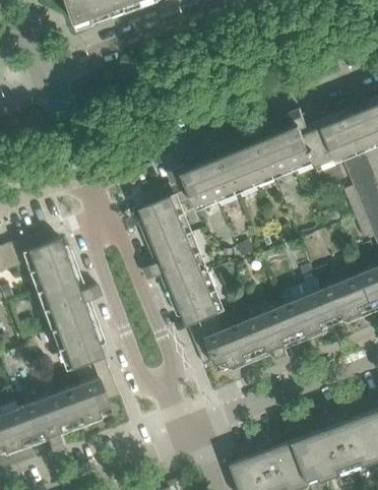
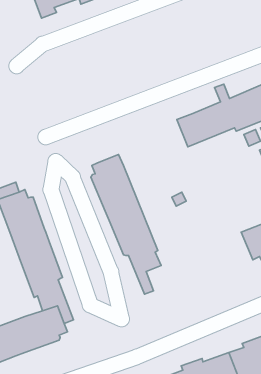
building: [142,151,256,208] -> none
building: [205,289,335,370] -> none

